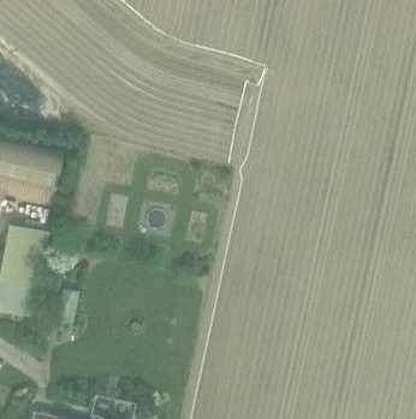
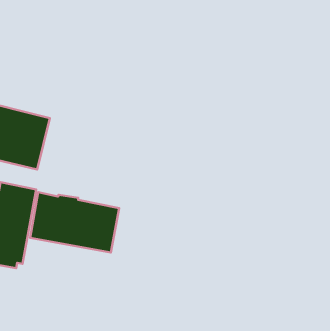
building: none -> [30,192,119,252]

